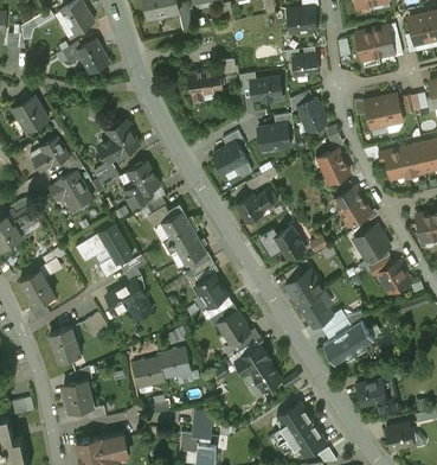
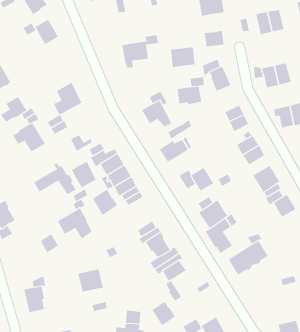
building: [127,161,159,196] -> [71,161,96,188]
building: [194,274,227,308] -> [92,189,118,216]
building: [49,326,81,362] -> none
building: [158,348,191,377] -> none
building: [250,361,281,391] -> [152,302,176,326]
building: [355,378,399,414] -> none

